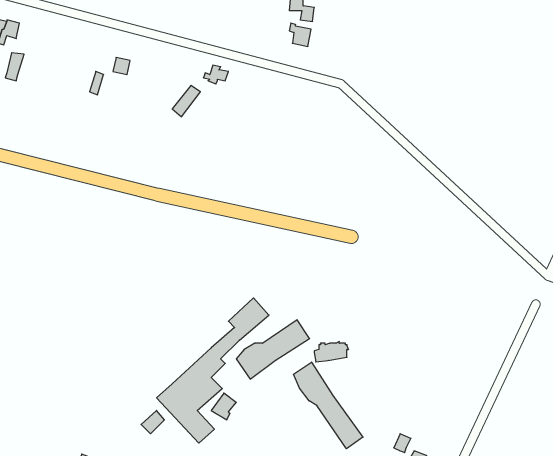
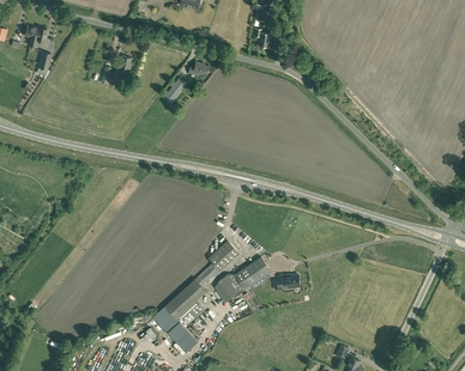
building: [293,362,363,449] -> none

